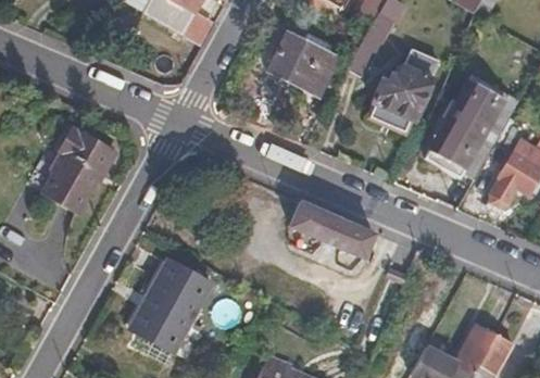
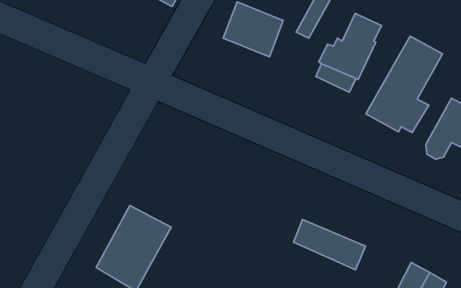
building: [52,129,121,213] -> none
building: [287,201,366,256] -> [294,219,365,270]

